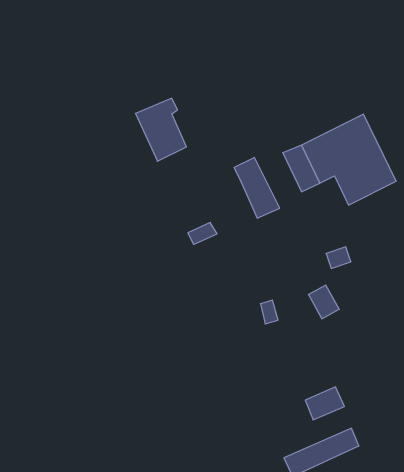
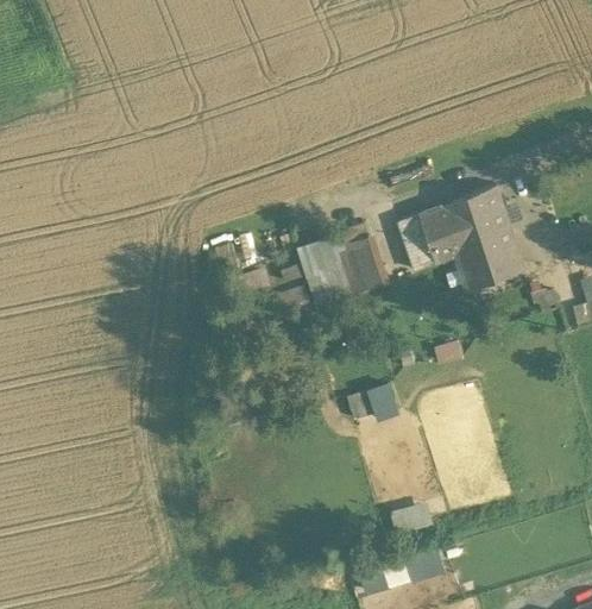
building: [135,98,186,161] -> [297,236,351,306]
building: [308,285,339,319] -> [363,381,396,419]

